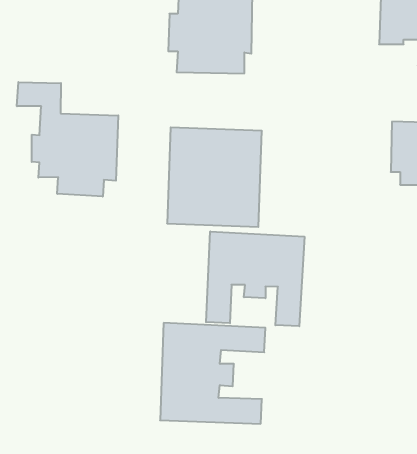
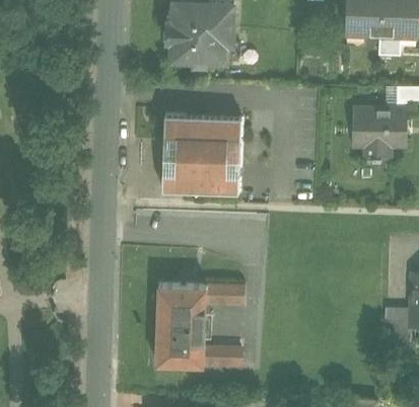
building: [17,82,118,197] -> none
building: [206,231,304,326] -> none

